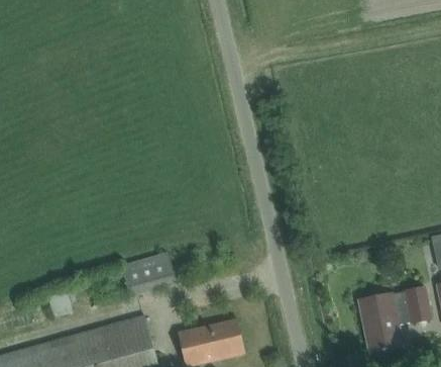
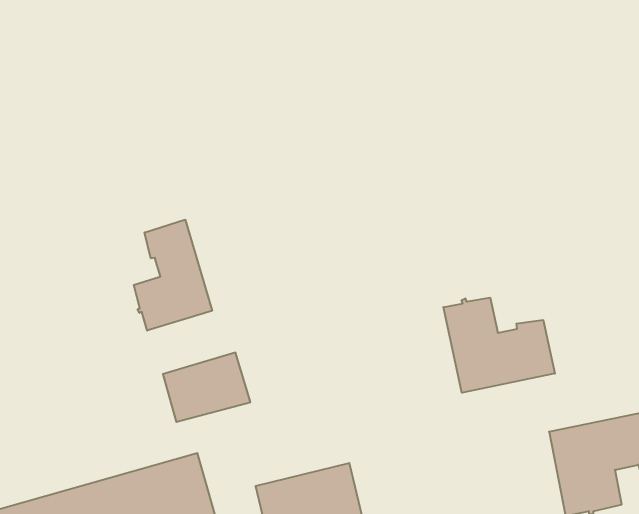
building: none -> [134,220,212,331]
building: none -> [443,298,555,393]

